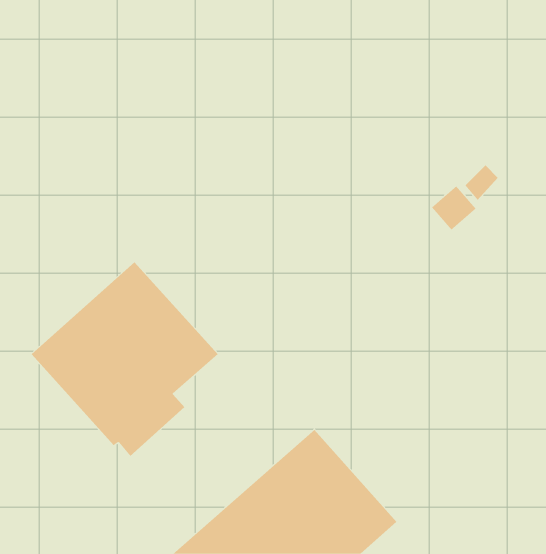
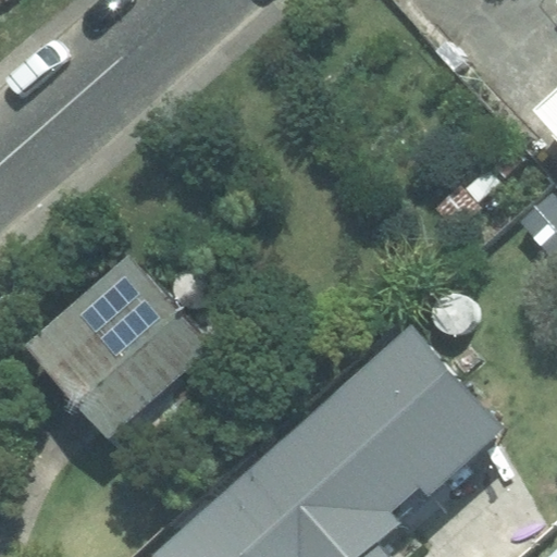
building: none -> [345,339,493,490]

